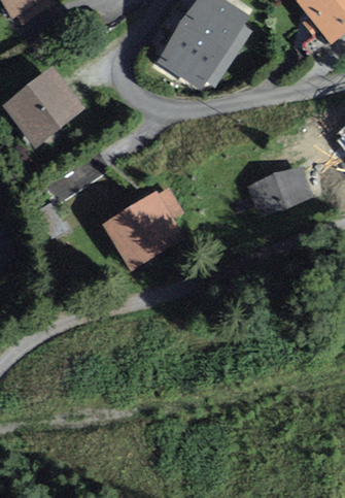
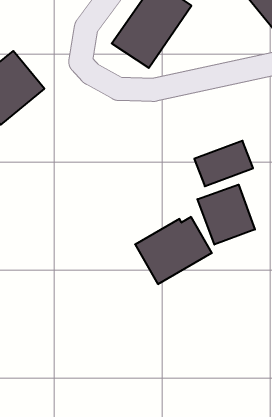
building: [106,191,189,264] -> [135,217,212,284]
building: none -> [197,185,255,245]

